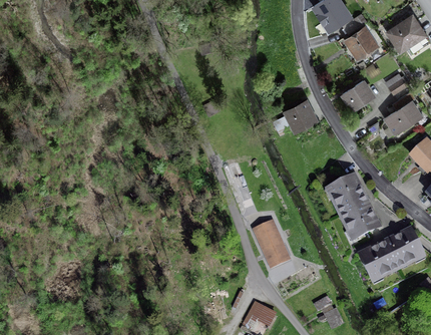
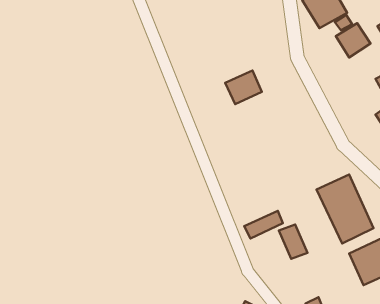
building: [341,77,376,109] -> none
building: [284,98,320,131] -> [225,70,262,104]
building: [255,237,283,271] -> [279,224,307,259]

